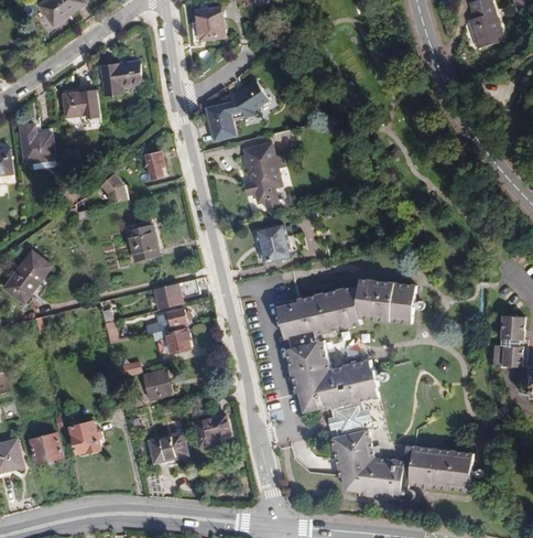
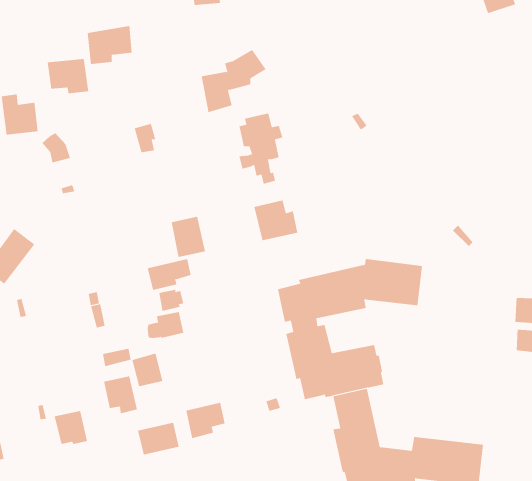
building: [100,174,128,203] -> [41,132,71,163]
building: [127,223,160,261] -> [171,216,206,258]
building: none -> [103,376,137,414]
building: [29,431,63,463] -> none

